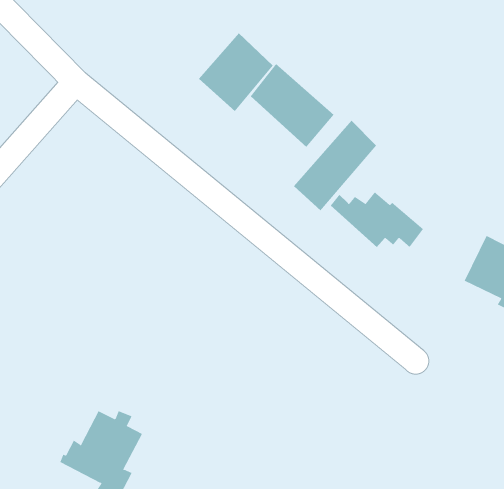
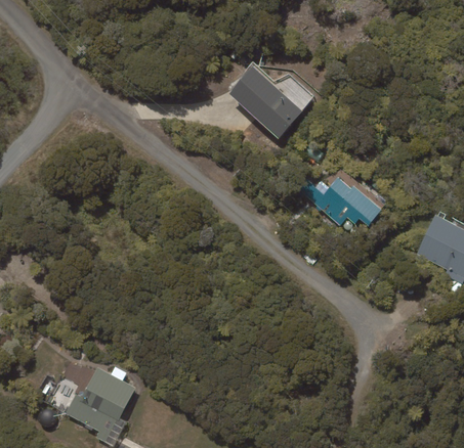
building: [198,33,273,112] -> none
building: [293,120,377,211] -> none

